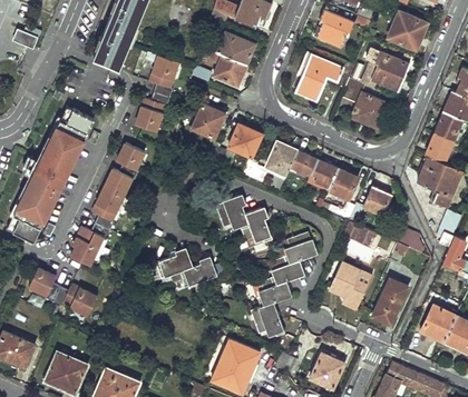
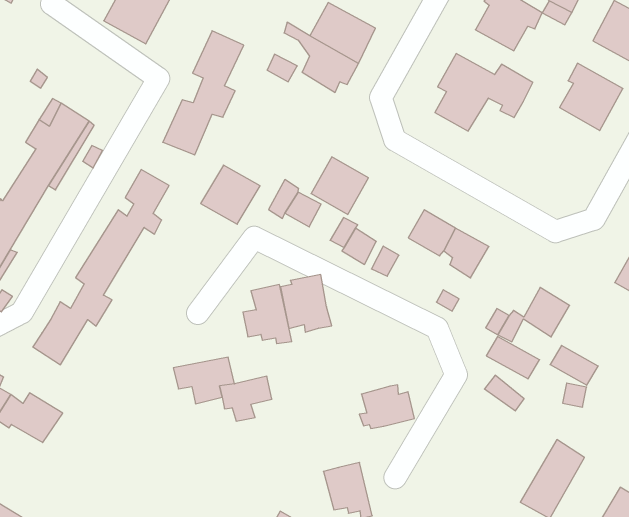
building: [340,78,389,131] -> none
building: [191,105,225,139] -> [201,165,260,224]
building: [265,140,296,175] -> none
building: [328,167,358,200] -> none
building: [241,208,272,244] -> [243,285,292,344]
building: [285,230,318,261] -> none
building: [329,260,372,308] -> none
building: [260,281,293,309] -> none

